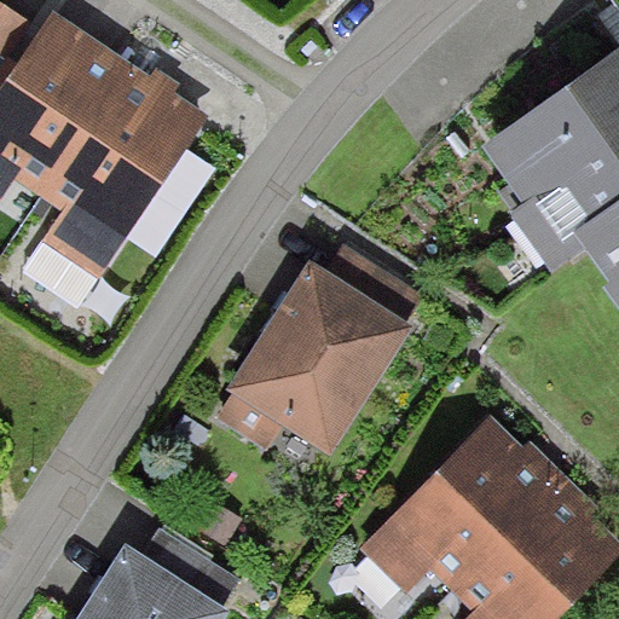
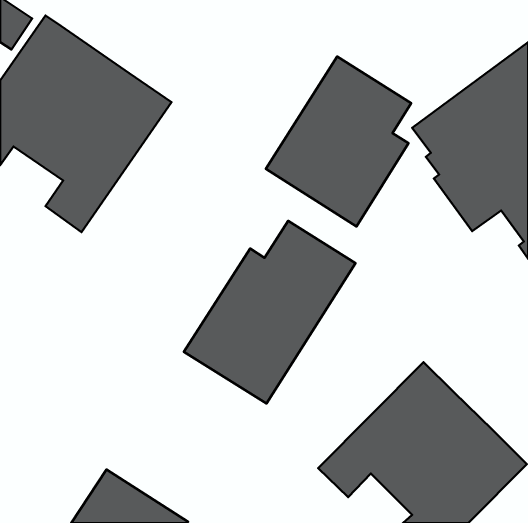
building: none -> [266,56,411,227]

